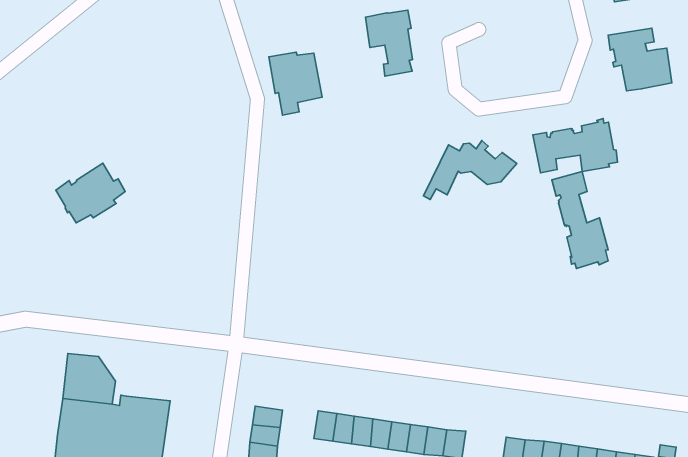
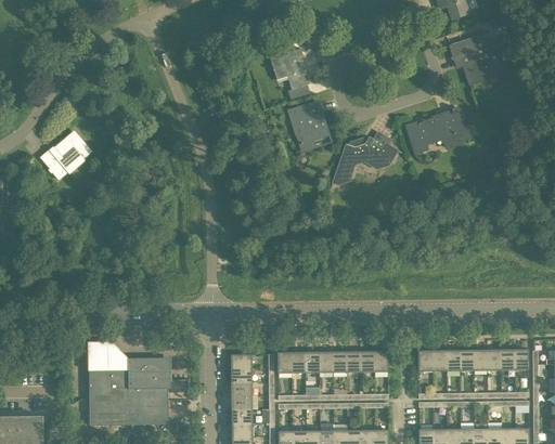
building: [269,52,322,115] -> [286,103,330,152]
building: [56,163,125,223] -> [40,133,91,180]
building: [552,172,608,269] -> none

